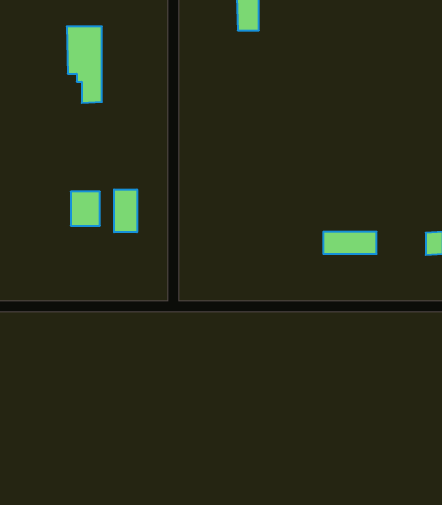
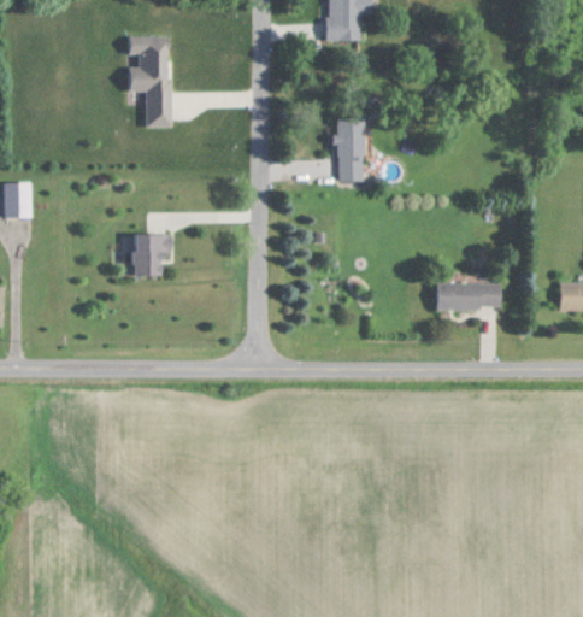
building: none -> [336,118,363,181]
building: [114,189,137,232] -> none

